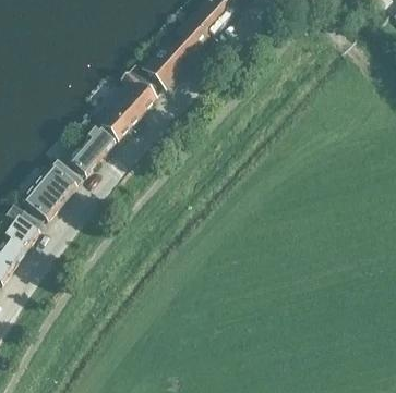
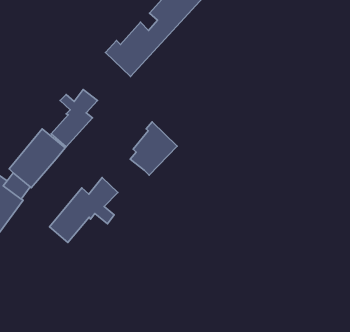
building: [103,73,154,131] -> [130,122,177,175]
building: none -> [49,178,118,243]

